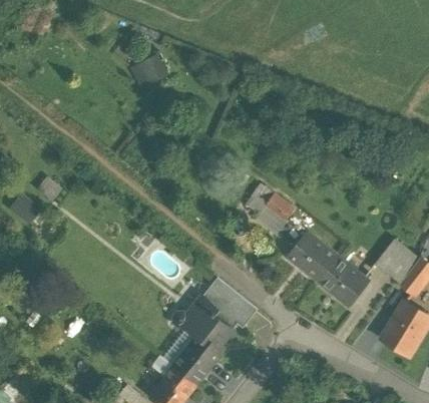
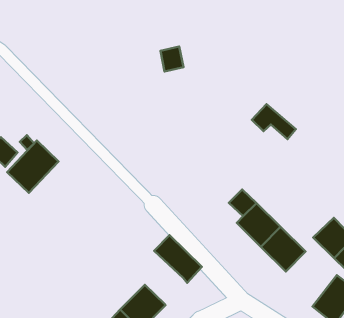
building: [138,53,165,82] -> [160,46,183,71]
building: [245,185,294,222] -> [252,104,296,139]
building: none -> [7,141,59,193]
building: [171,298,237,355] -> none

